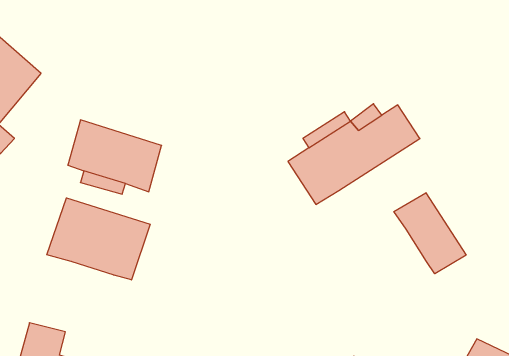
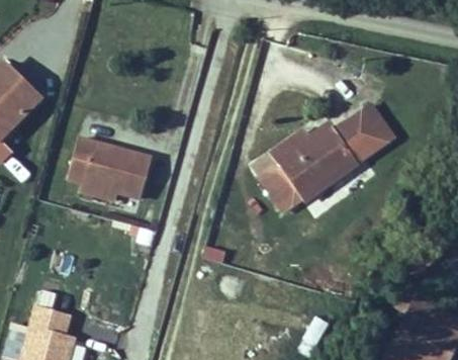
building: [394,193,466,274] -> none
building: [47,198,150,280] -> none

